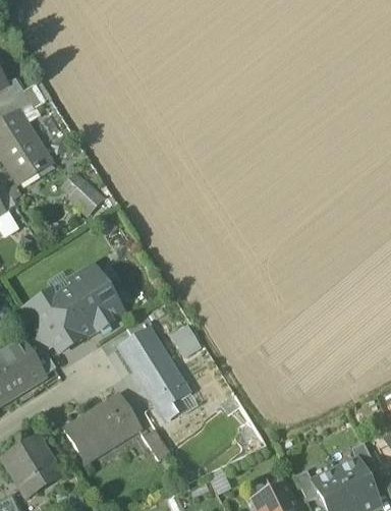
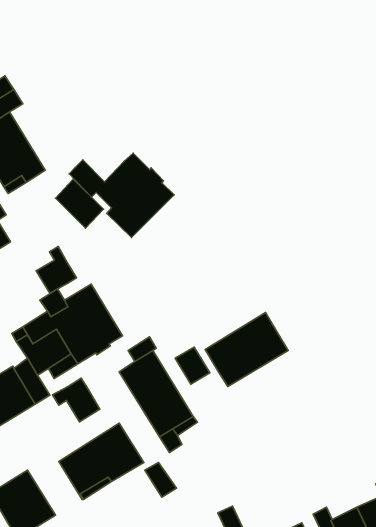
building: none -> [69,153,174,238]
building: none -> [36,246,76,293]
building: none -> [205,313,288,386]
building: none -> [53,378,100,422]

